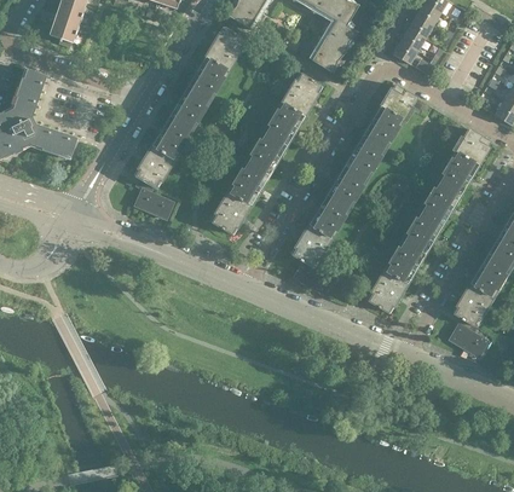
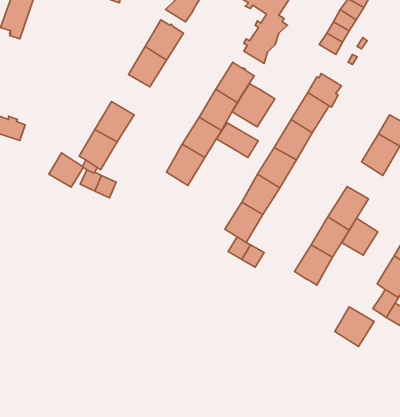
building: [168,86,209,129] -> none
building: none -> [232,84,275,127]
building: none -> [216,123,258,158]
building: none -> [49,153,84,187]
building: [422,180,461,220] -> [342,218,378,255]
building: [209,191,250,235] -> none
building: none -> [335,307,374,347]

